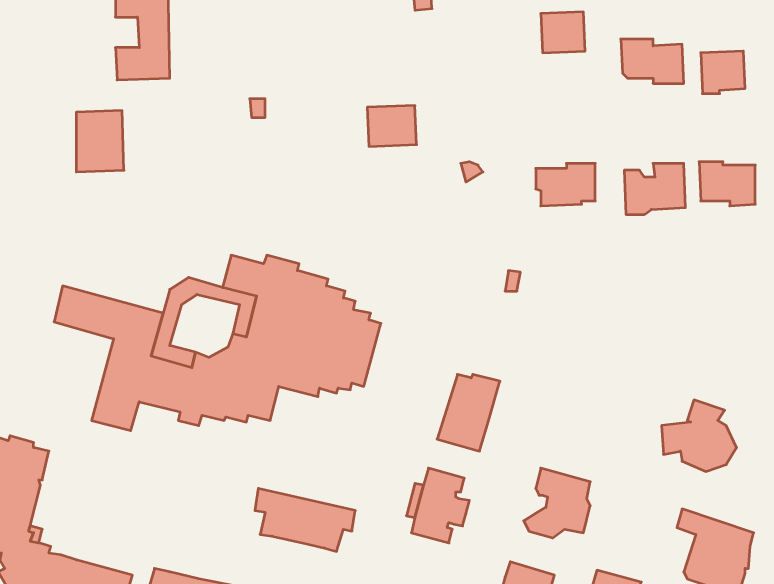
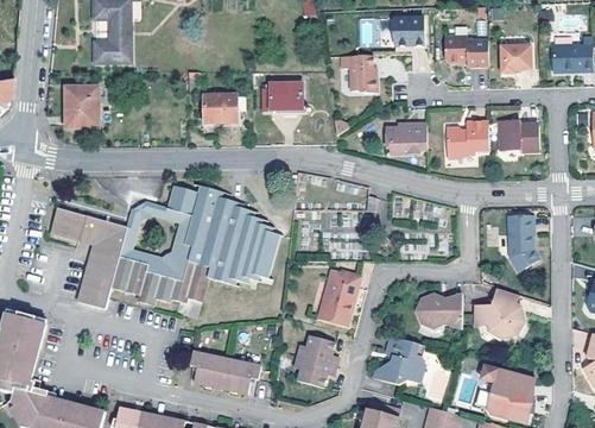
building: none -> [341,55,375,92]
building: none -> [202,94,243,122]
building: none -> [508,216,539,271]
building: none -> [416,292,463,329]

